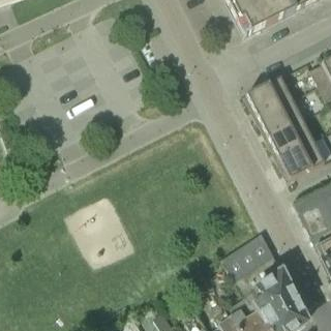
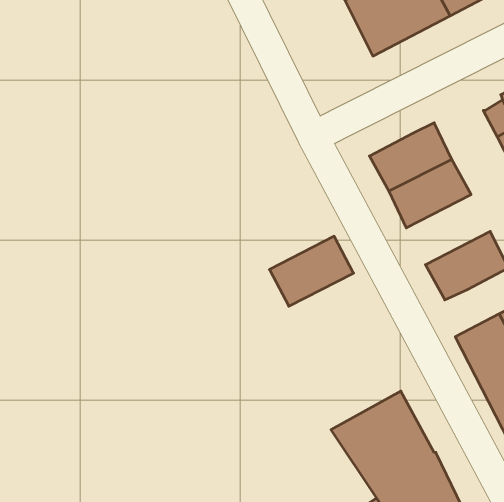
building: [266,118,315,159] -> [269,236,354,306]

